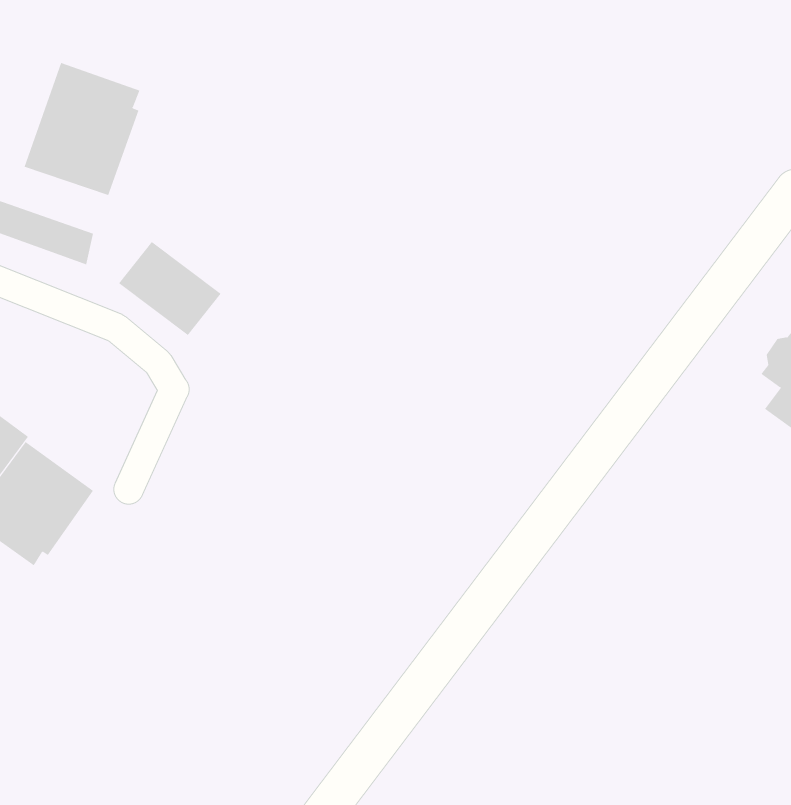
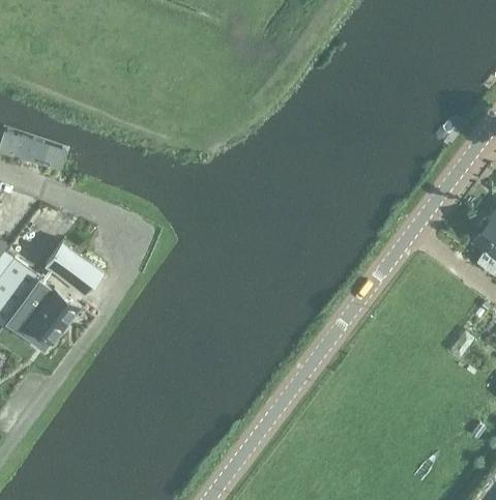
building: [24,62,140,196] -> none
building: [118,241,221,336] -> [42,242,104,298]

